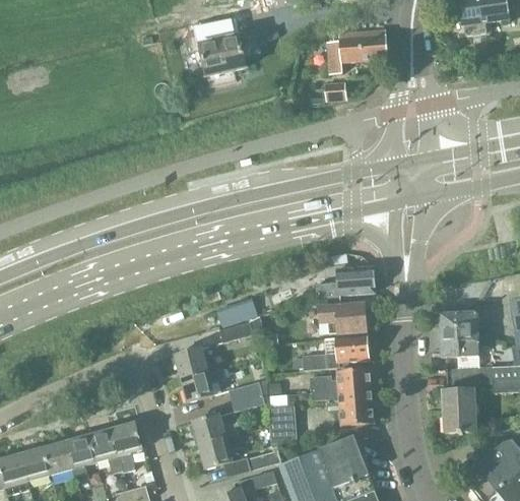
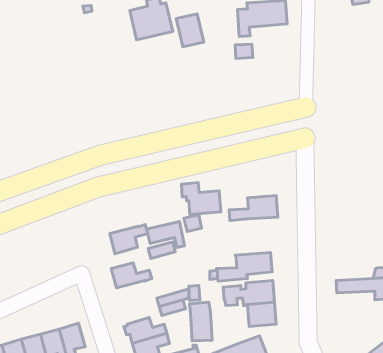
building: none -> [176,14,204,47]
building: [319,295,367,333] -> [181,182,221,214]
building: [440,313,478,357] -> none
building: [181,367,226,402] -> [110,224,148,254]
building: [444,389,475,432] -> none

